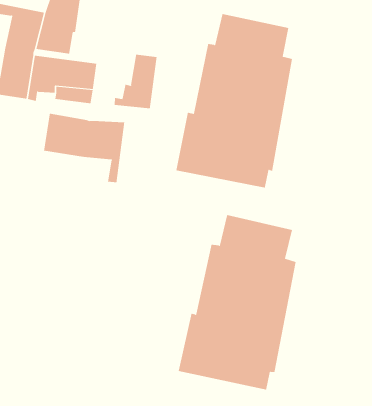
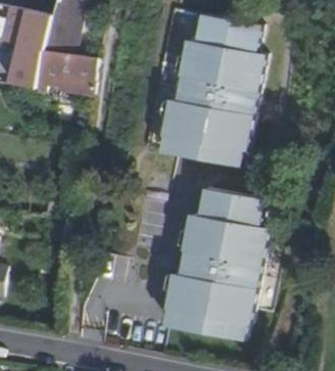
building: [114,54,157,109] -> none
building: [43,113,125,183] -> none

